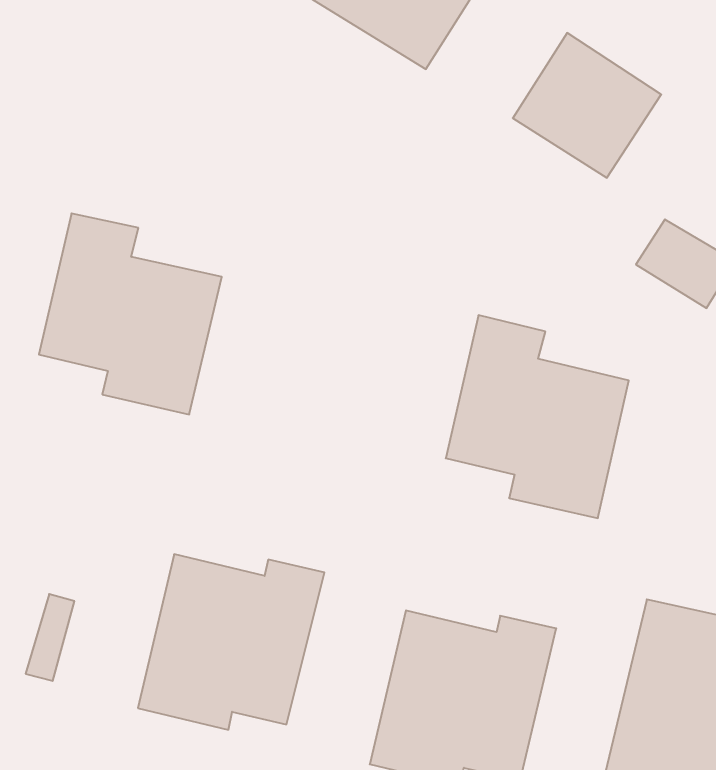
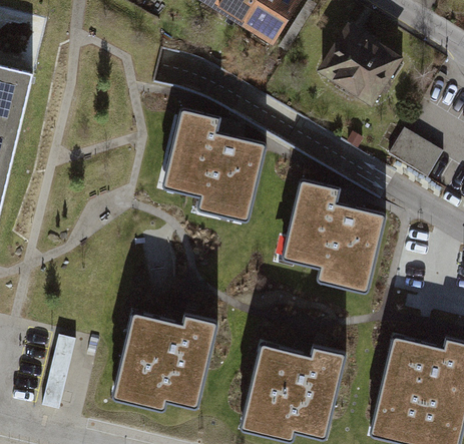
building: [39,213,222,414] -> [163,110,265,221]

